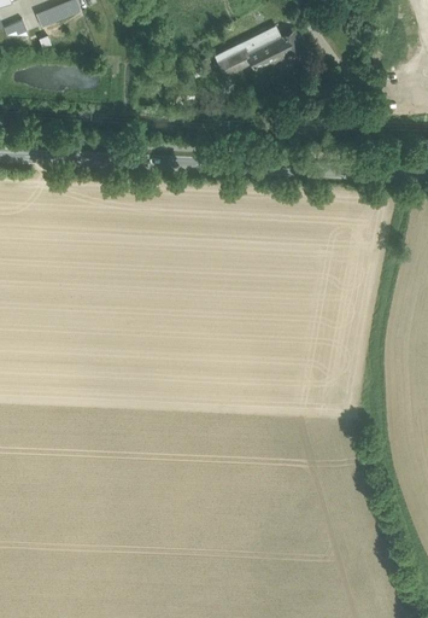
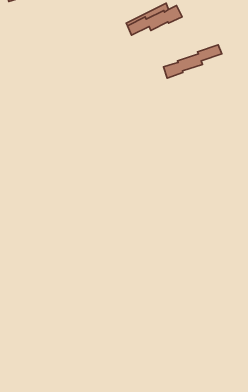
building: none -> [164,45,222,78]

